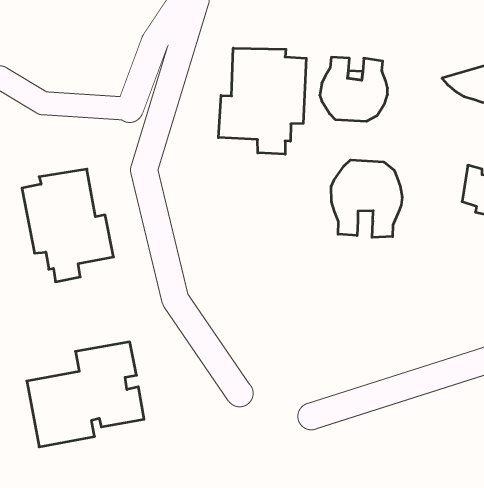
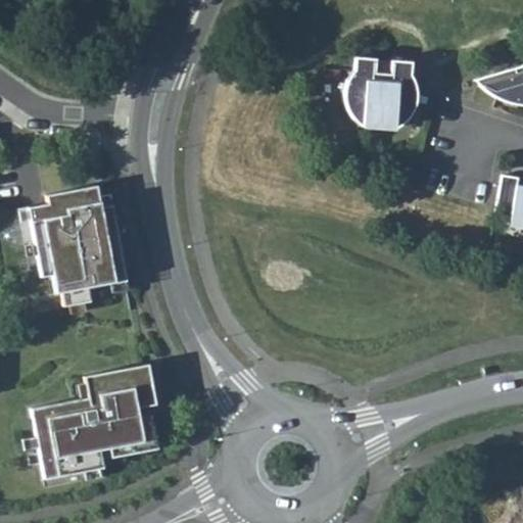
building: [218,48,306,154] -> none
building: [331,160,402,237] -> none

